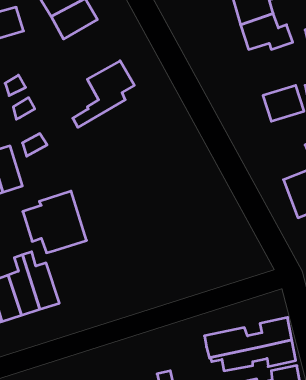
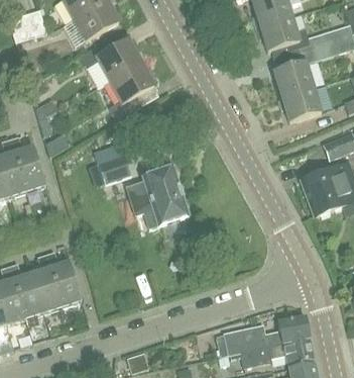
building: none -> [81,38,140,80]
building: none -> [272,62,313,96]
building: none -> [98,150,130,183]
building: [23,191,87,253] -> [125,167,188,227]

